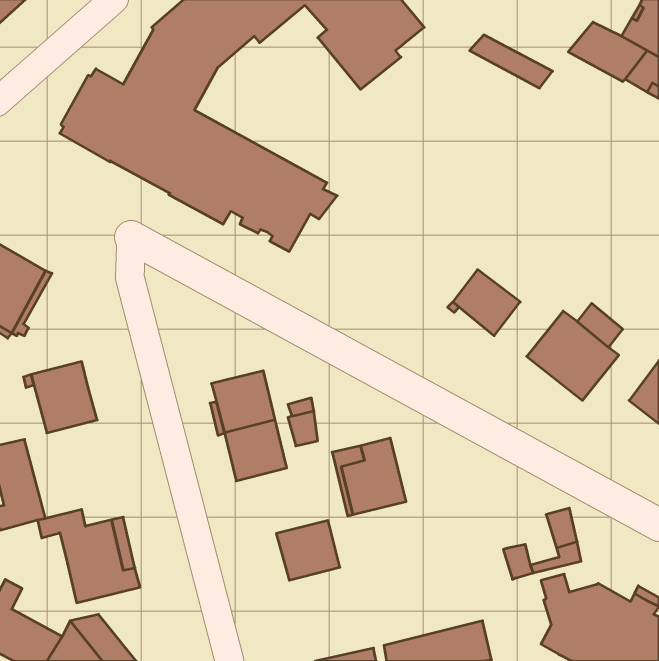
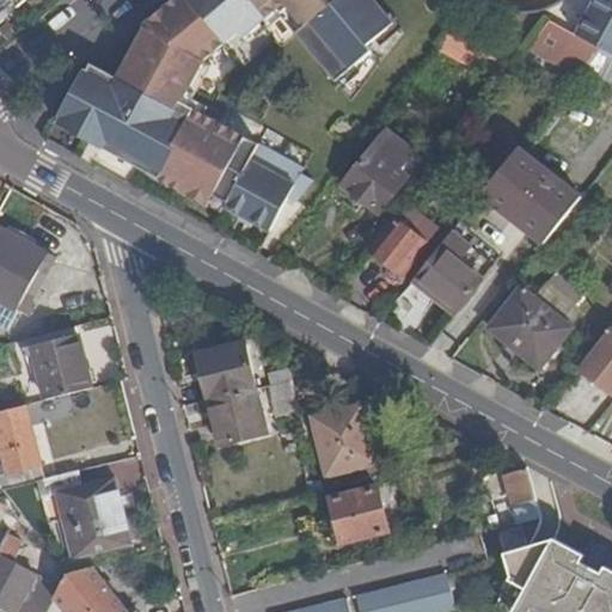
building: none -> [342,129,421,214]
building: none -> [476,145,580,247]
building: none -> [368,202,436,275]
building: [276,521,340,580] -> [328,486,386,541]

